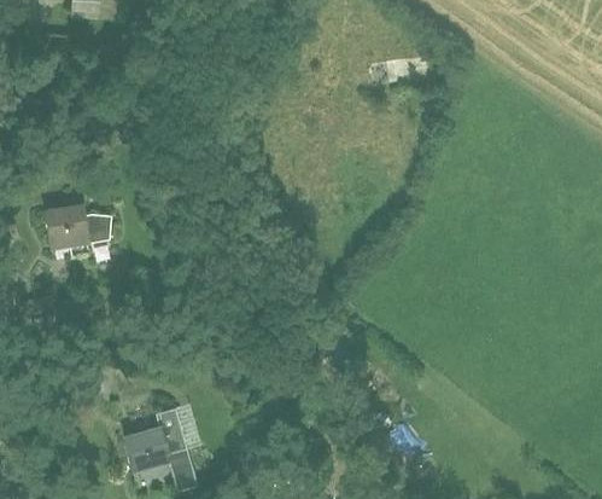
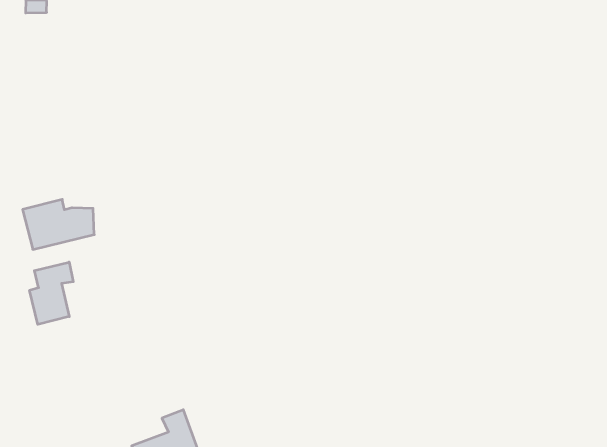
building: none -> [30,262,73,324]

